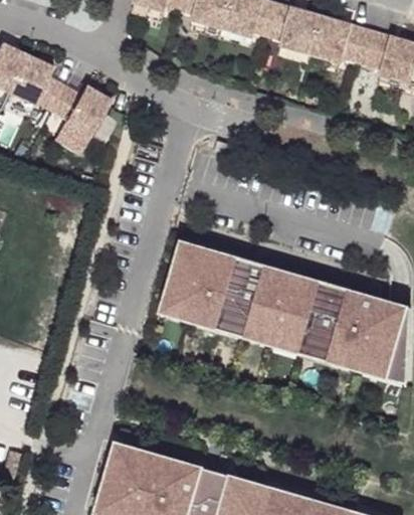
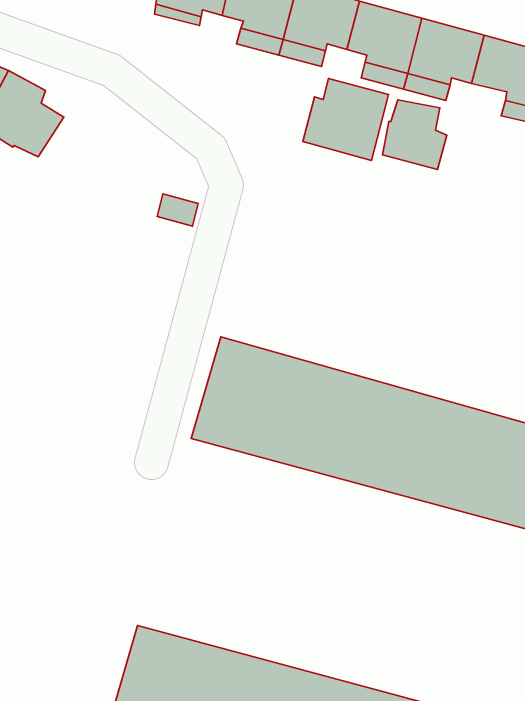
building: none -> [303,78,389,161]
building: none -> [382,100,447,169]
building: [49,84,114,157] -> none

